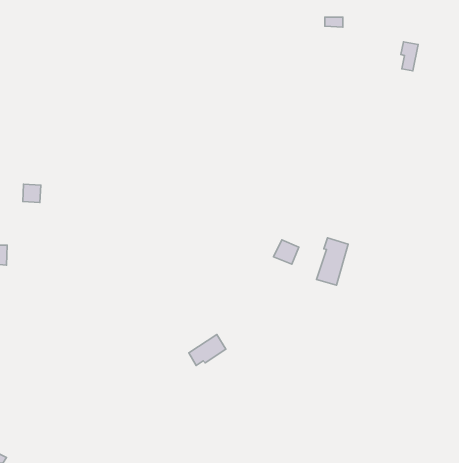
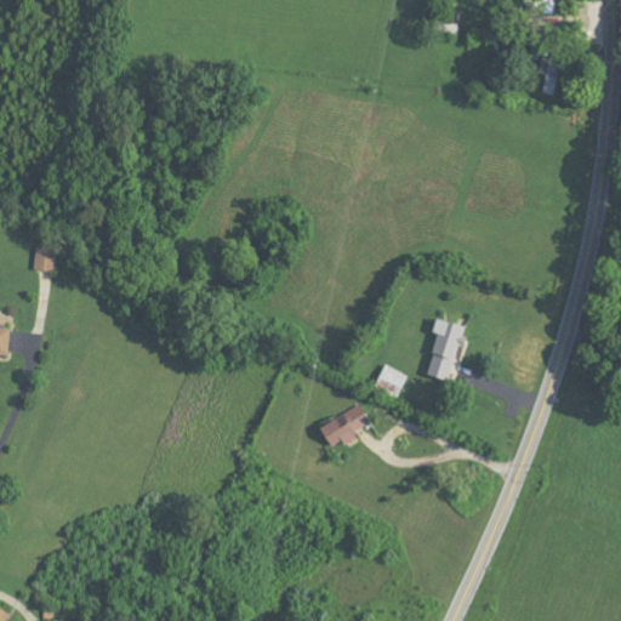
building: [274,240,299,264] -> [372,365,406,398]
building: [189,335,226,365] -> [320,404,370,445]

